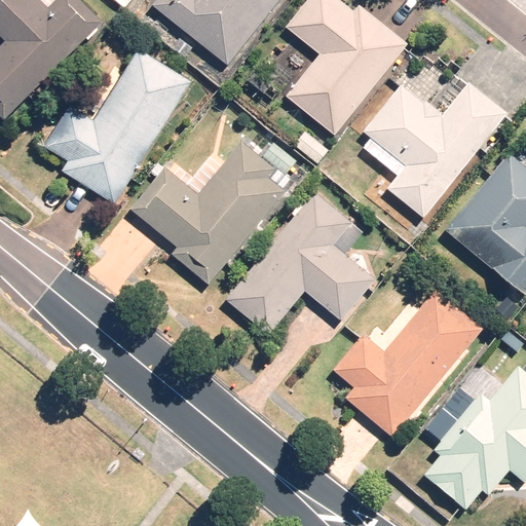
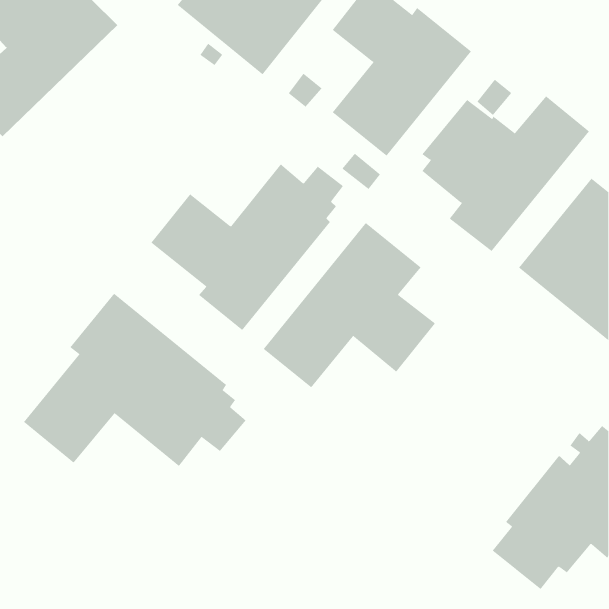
building: [45,48,191,202] -> none
building: none -> [23,293,246,467]
building: [333,289,483,437] -> none

